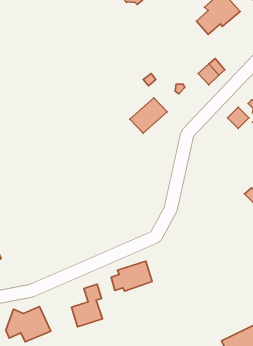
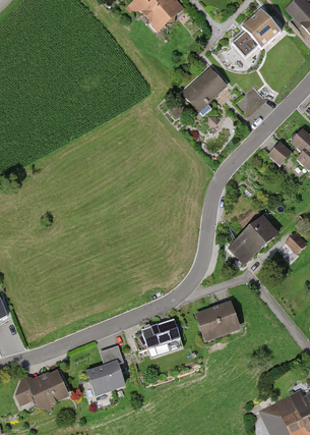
building: [130,98,167,133] -> [183,68,226,109]
building: none -> [229,217,276,263]
building: none -> [197,303,238,333]

